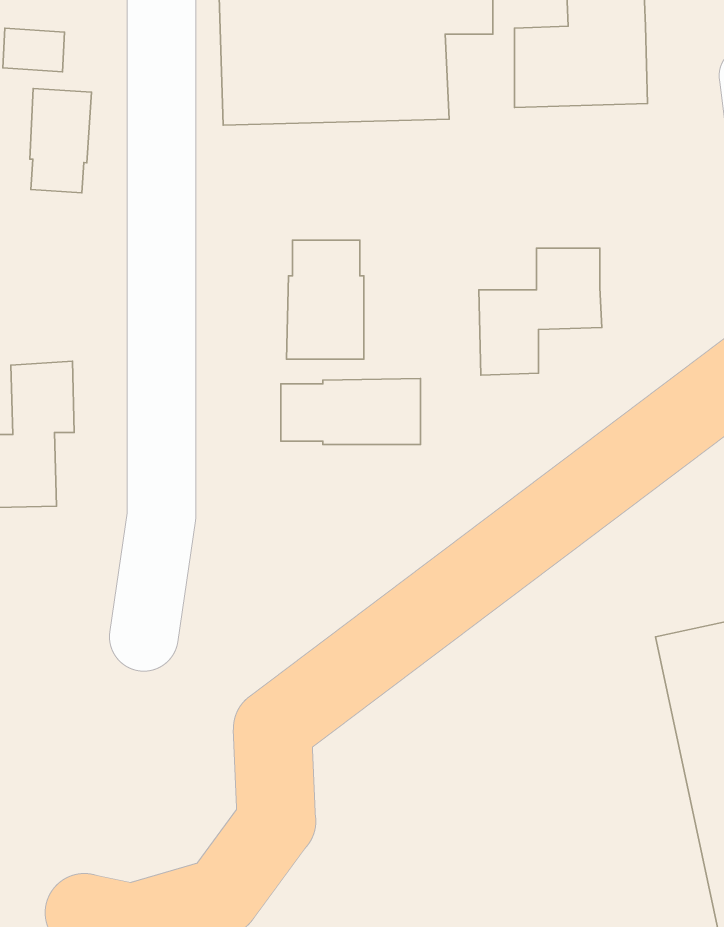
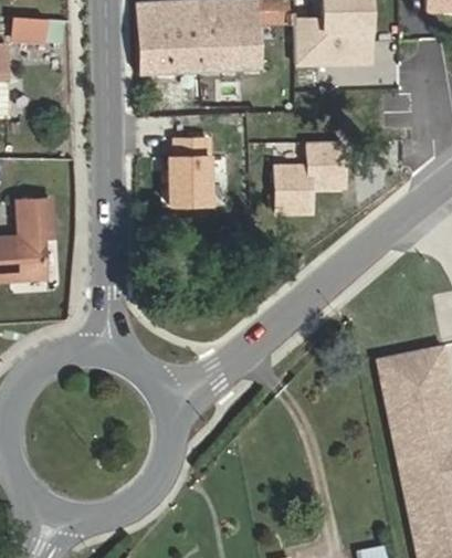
building: [30,88,91,193] -> none
building: [281,379,421,445] -> none

